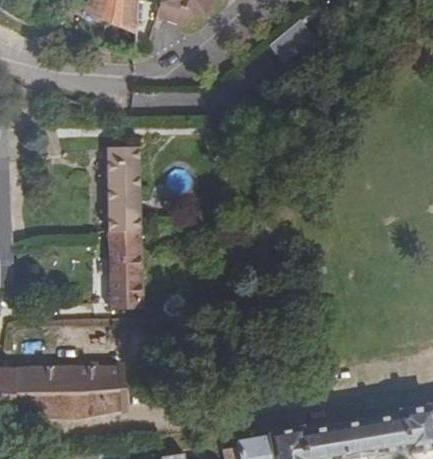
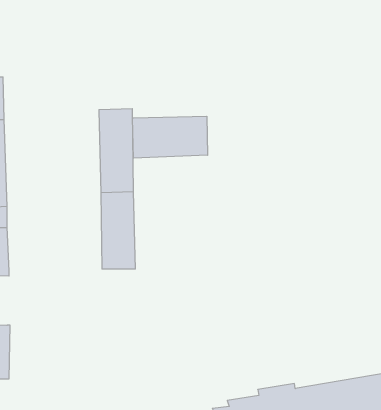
building: none -> [133,116,208,158]
building: [15,364,127,419] -> none

